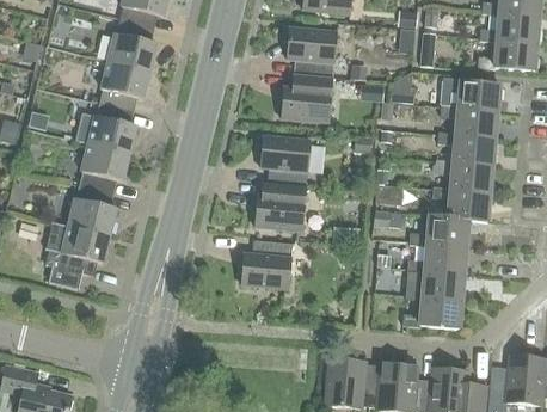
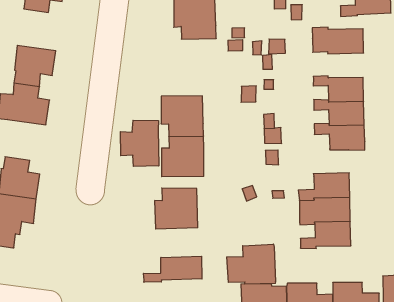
building: [106,19,156,70] -> none
building: [279,73,332,122] -> none
building: [438,104,497,139] -> none
building: [79,142,129,191] -> none
building: none -> [120,120,159,166]
building: [408,214,468,245] -> none
building: none -> [227,244,275,284]
building: none -> [144,256,202,282]

